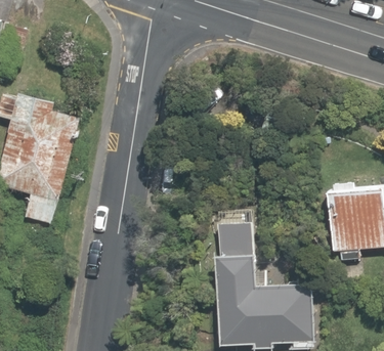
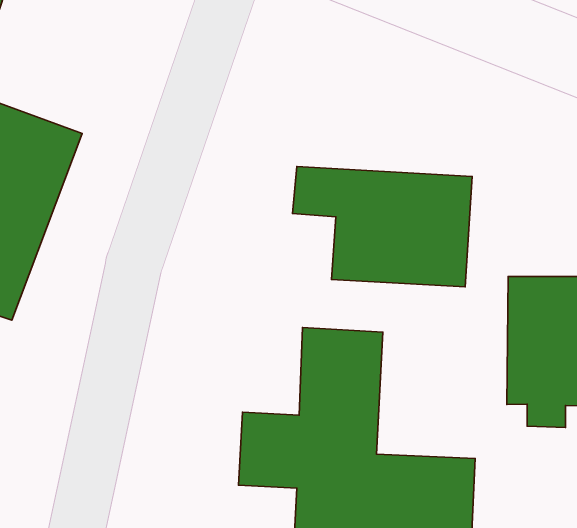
building: none -> [293,167,472,287]

